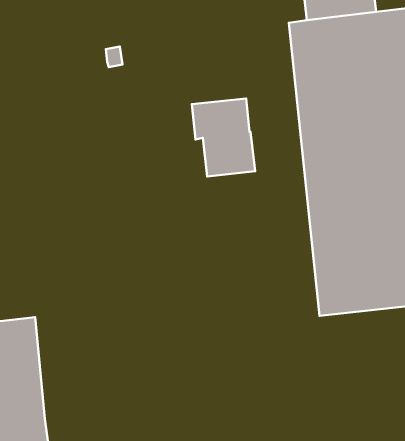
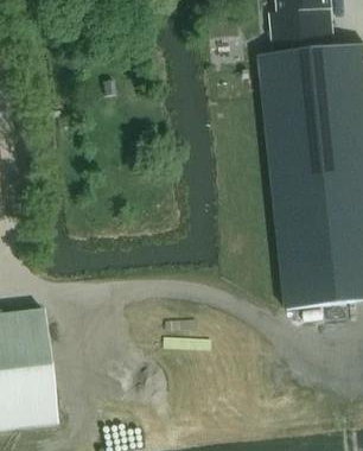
building: [192,98,255,176] -> none

